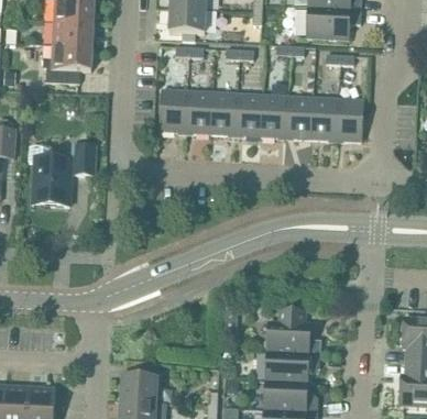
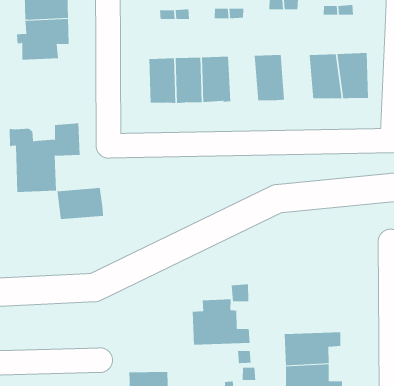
building: [234,93,259,136] -> none
building: [284,96,309,139] -> none
building: none -> [57,187,104,220]
building: [266,311,319,354] -> [192,299,251,345]

